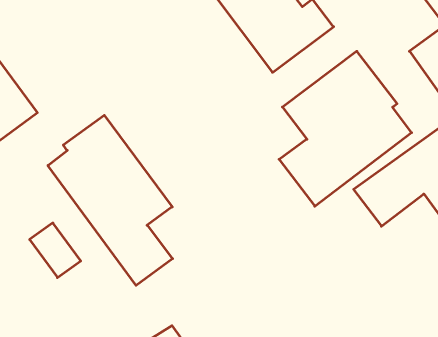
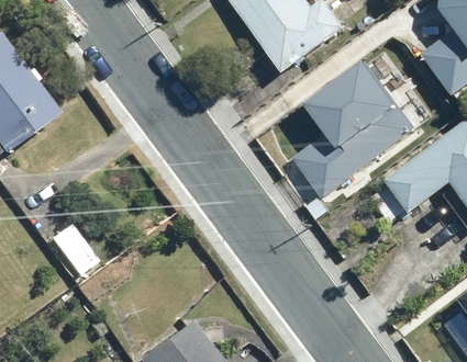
building: [48,115,173,285] -> none

